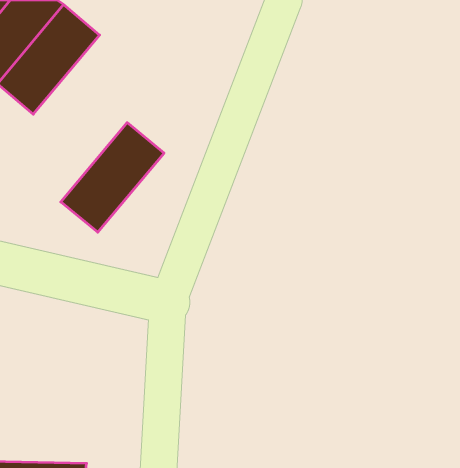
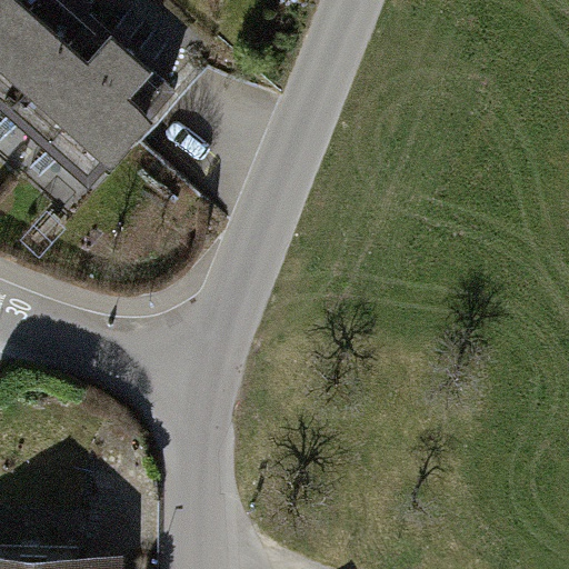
building: [61,123,164,232] -> [40,46,164,178]

